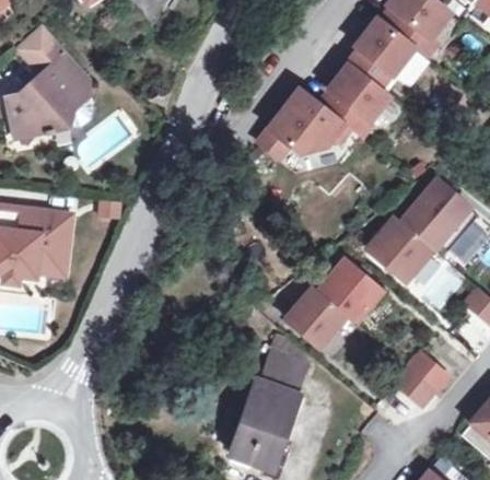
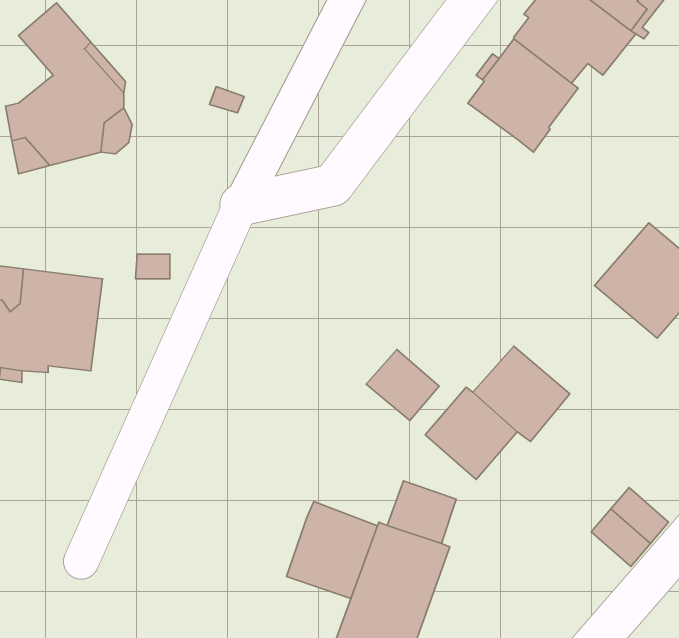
building: [258,84,349,153] -> none
building: [365,213,433,280] -> none
building: none -> [366,349,439,421]
building: none -> [287,502,378,599]

